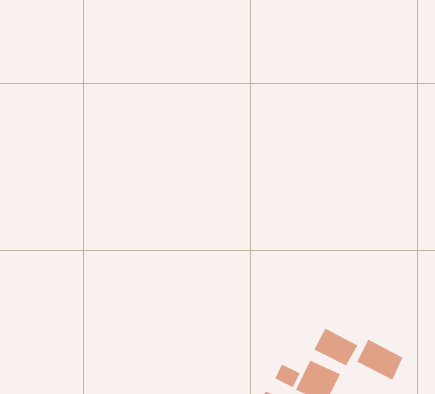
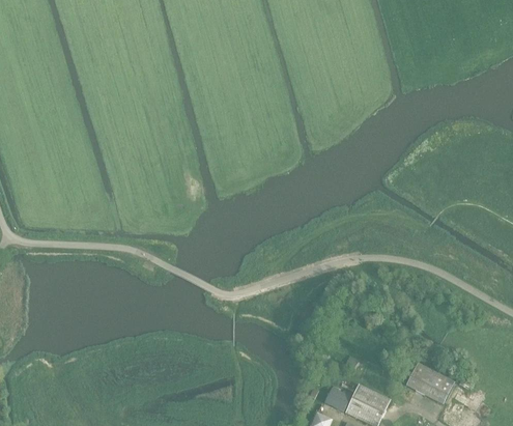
building: [314,328,358,366] -> none

